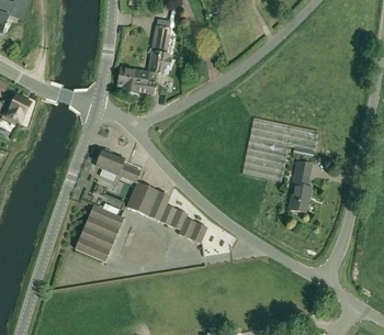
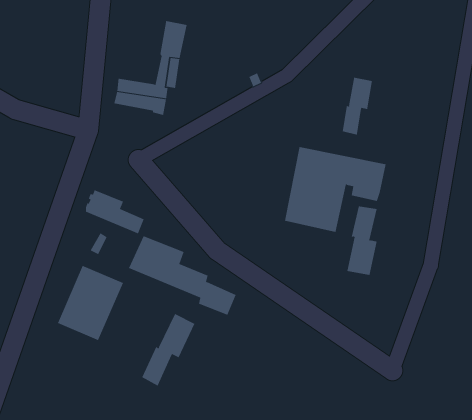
building: none -> [342,77,373,135]
building: none -> [141,313,195,387]

